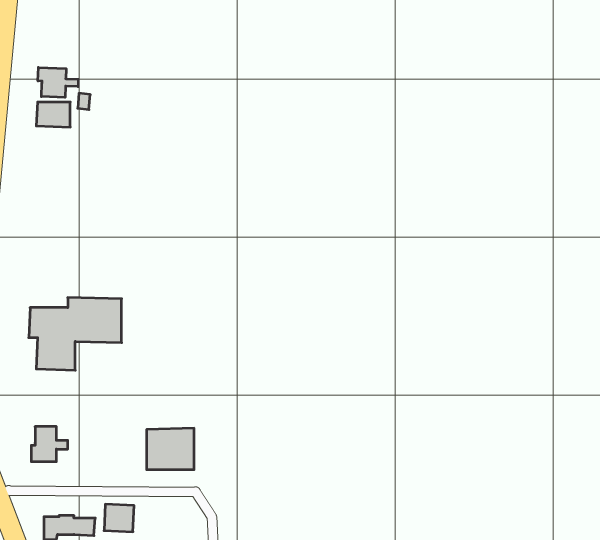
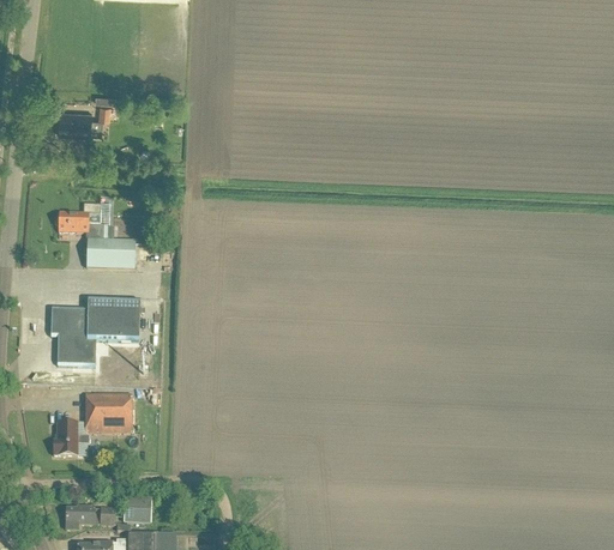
building: [38,67,78,97] -> none
building: none -> [54,203,137,267]
building: [147,428,194,470] -> [85,393,131,433]

